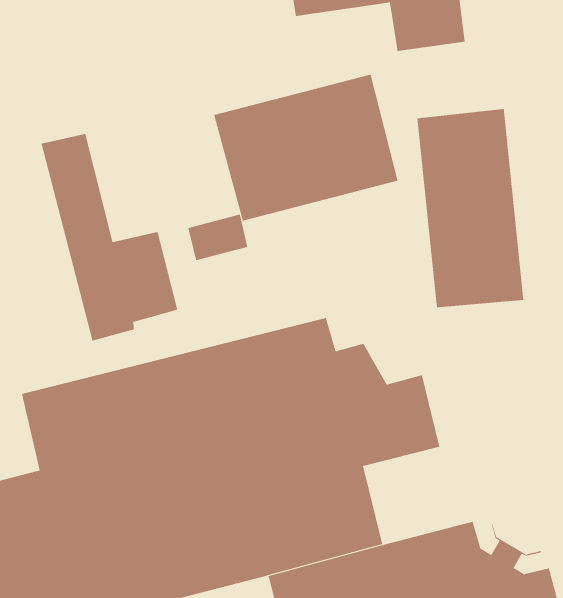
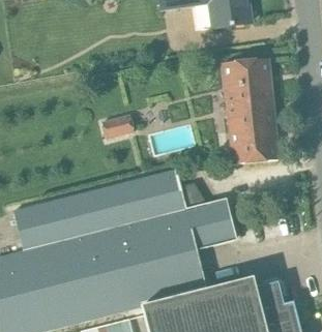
building: [214,74,398,221] -> none
building: [41,133,178,341] -> none

